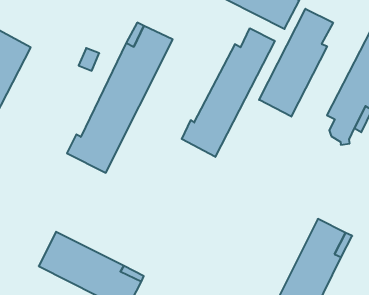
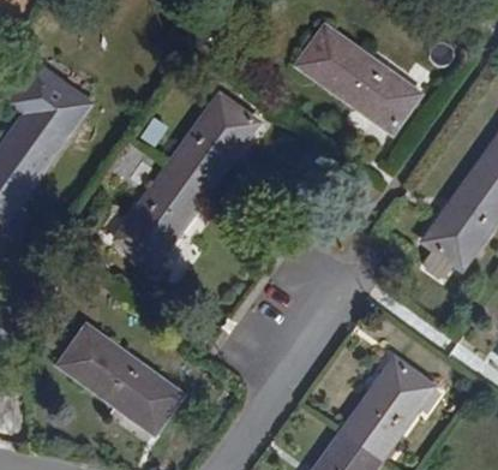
building: [259,9,333,117] -> none
building: [182,28,275,157] -> none

